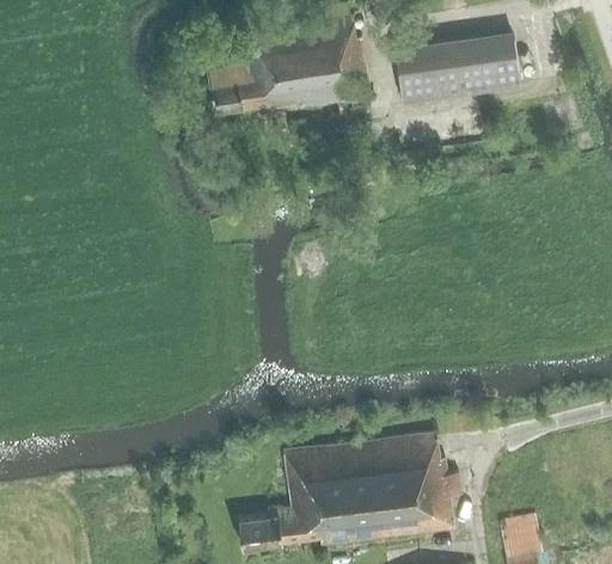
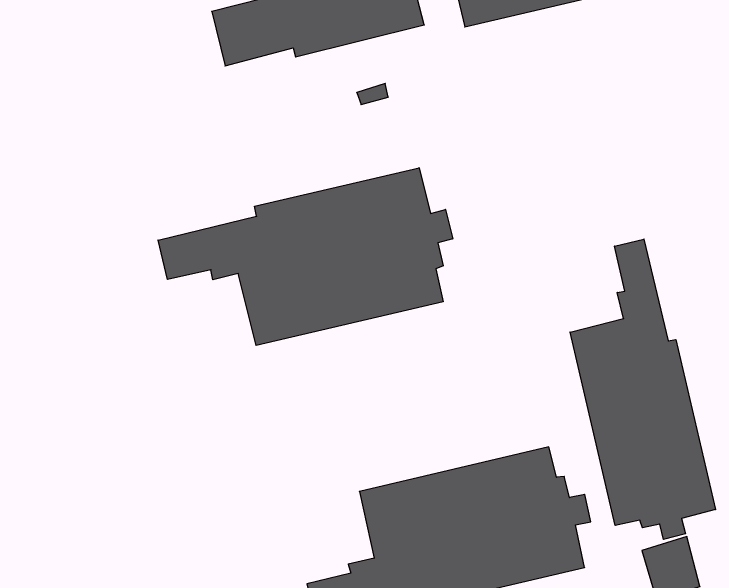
building: none -> [158,168,453,345]
building: none -> [570,239,716,539]

